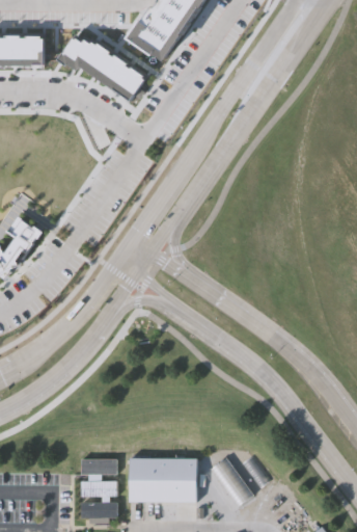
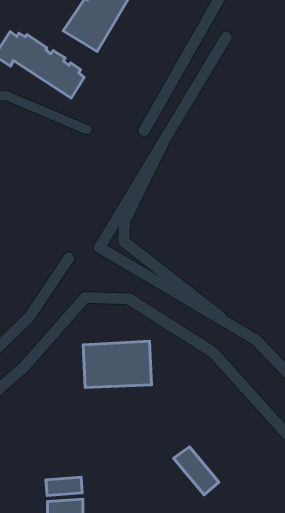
building: [79,458,115,475] -> none
building: [128,458,195,503] -> [83,341,152,388]

